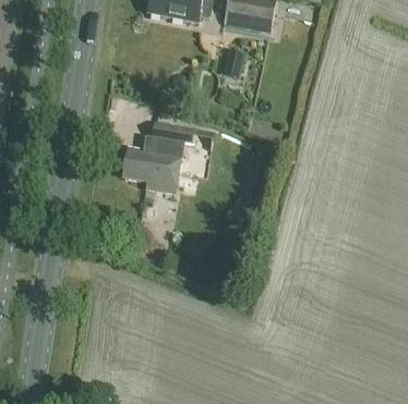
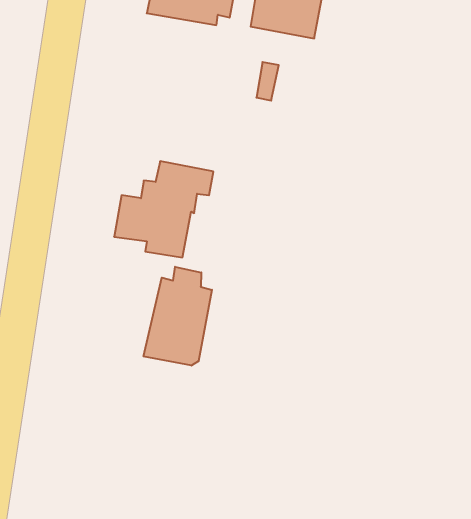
building: none -> [144,267,212,366]

